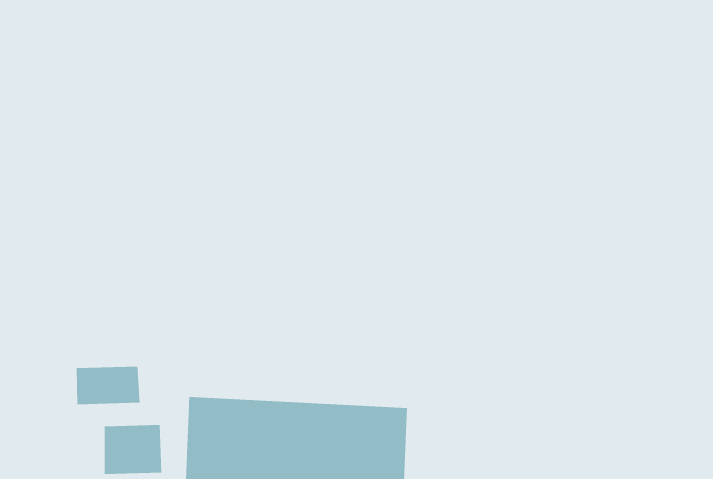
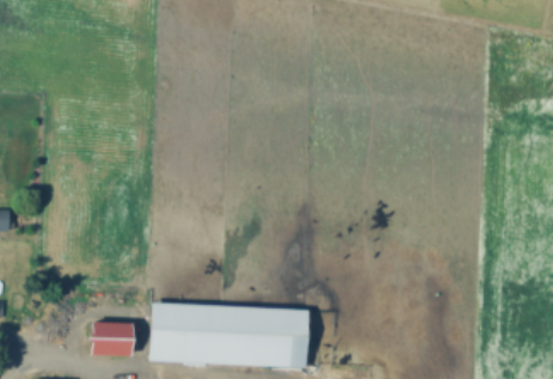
building: [76,366,140,405] -> none

